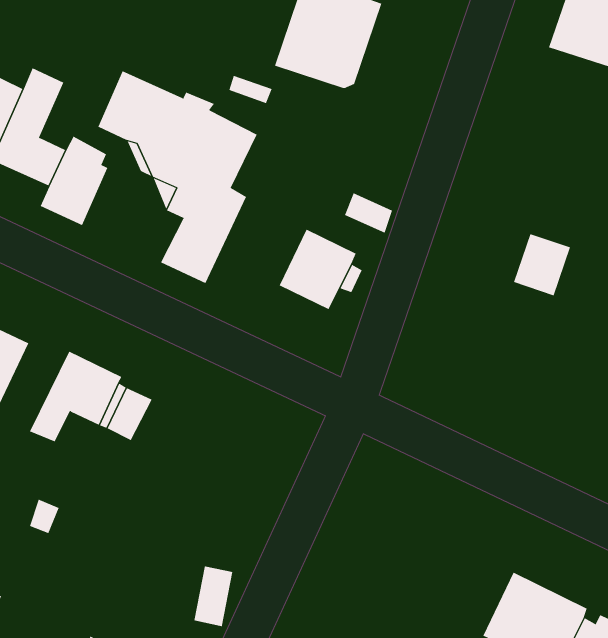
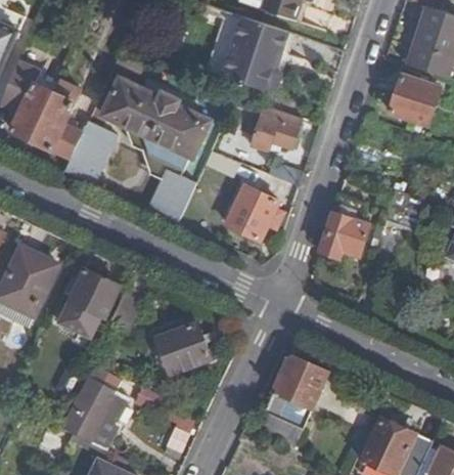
building: none -> [388,75,437,124]
building: none -> [248,115,298,152]
building: none -> [318,195,367,256]
building: none -> [157,322,210,374]
building: none -> [257,357,325,444]
building: none -> [62,368,130,444]

